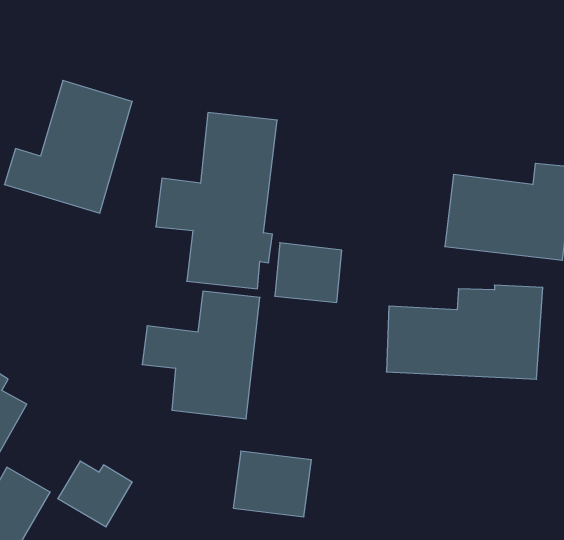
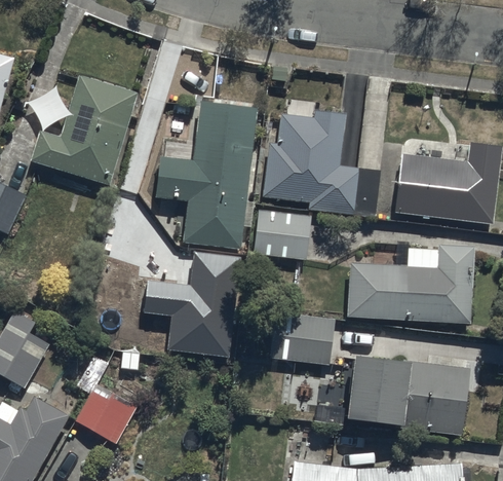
building: none -> [262,98,379,216]
building: none -> [345,349,469,431]
building: [233,451,311,517] -> [269,311,334,366]

